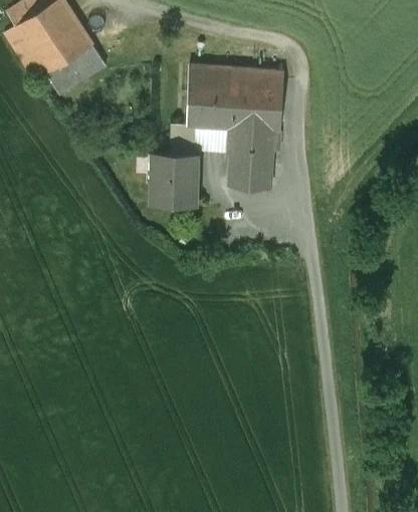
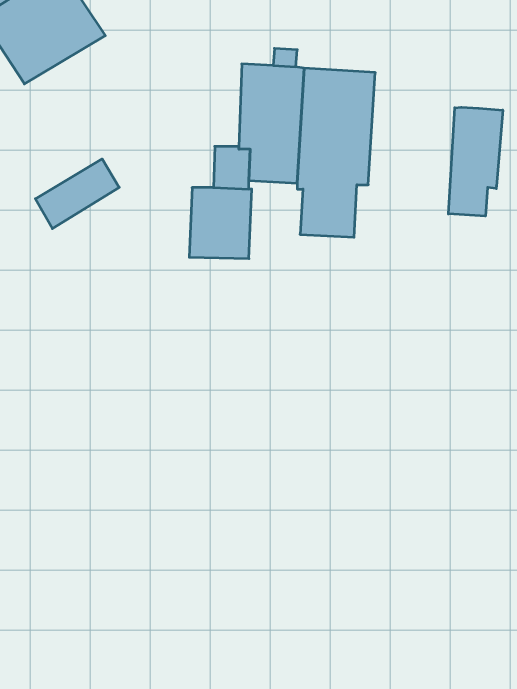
building: [46,46,106,95] -> [35,159,119,229]
building: none -> [448,107,503,216]

